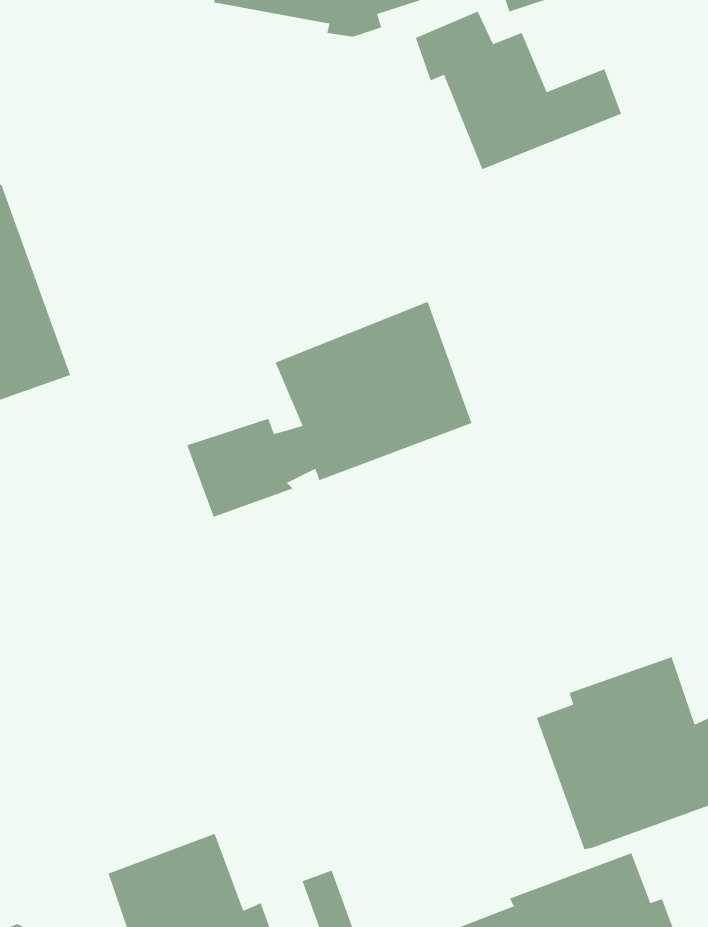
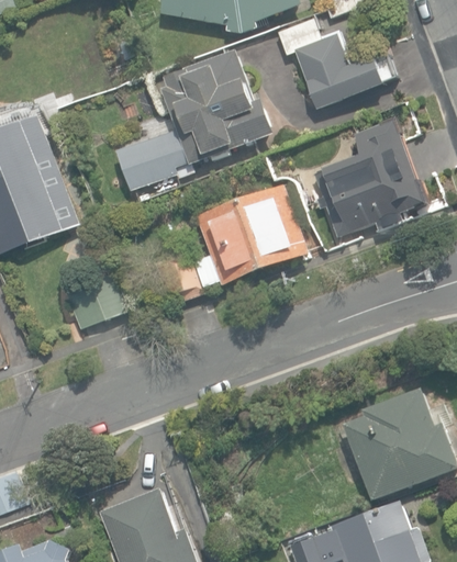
building: none -> [113,45,274,186]
building: none -> [311,123,424,238]
building: none -> [64,274,126,329]

